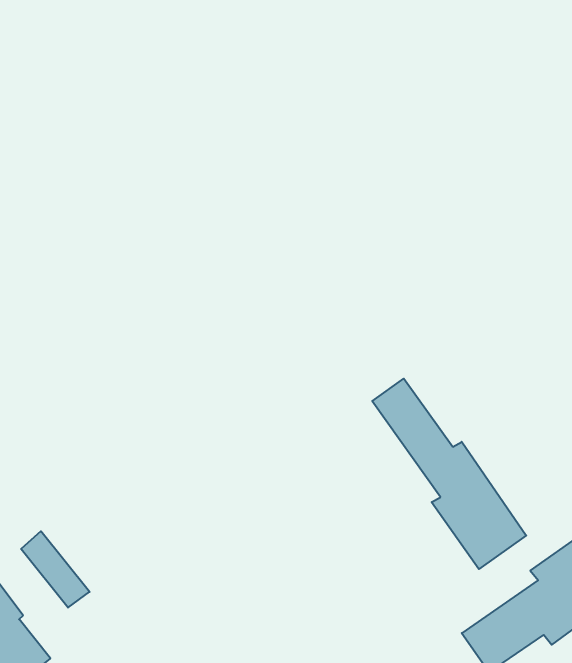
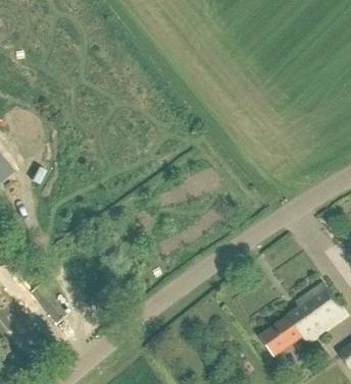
building: [372,379,526,569] -> none

